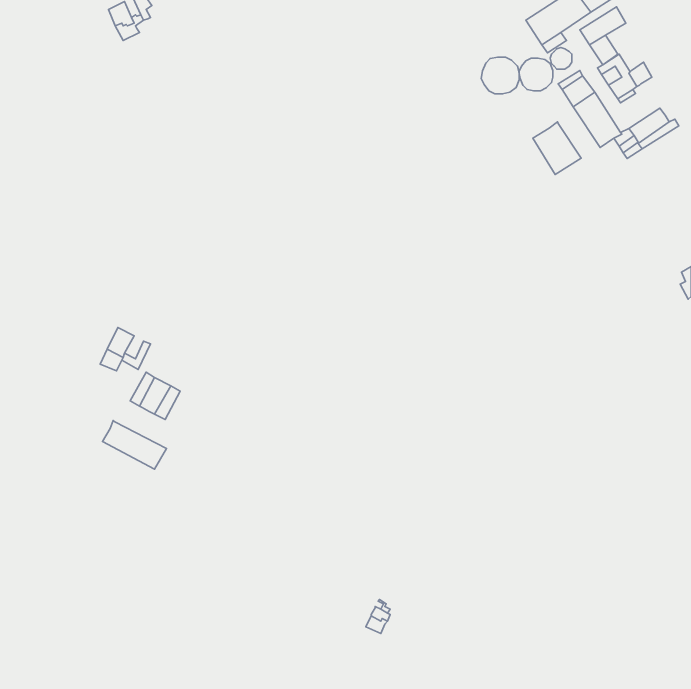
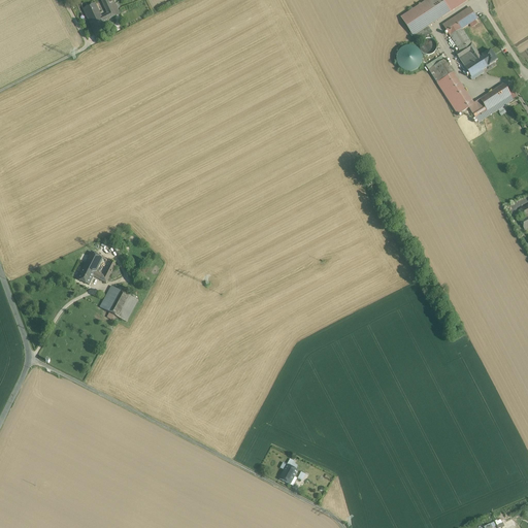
building: [481,57,519,94] -> none
building: [533,122,581,174] -> none
building: [103,421,166,469] -> none

